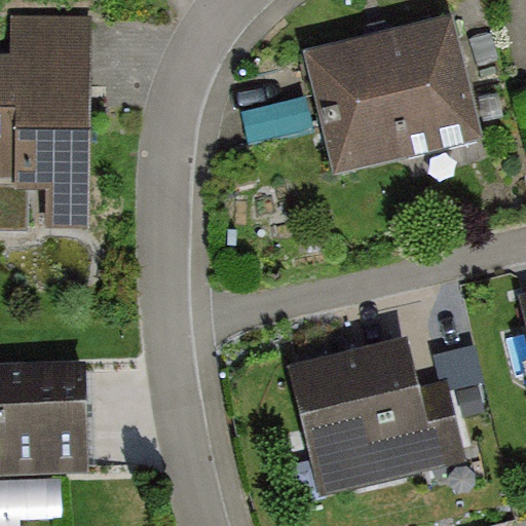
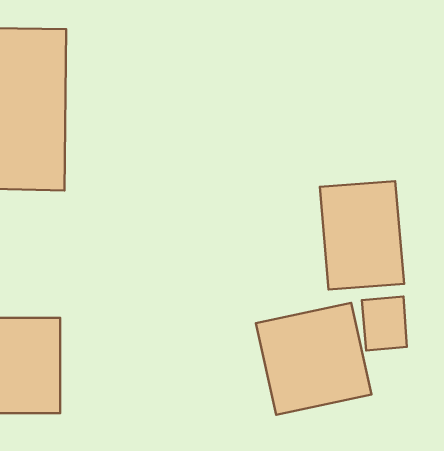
building: [317,21,485,154] -> none
building: none -> [320,181,404,290]

